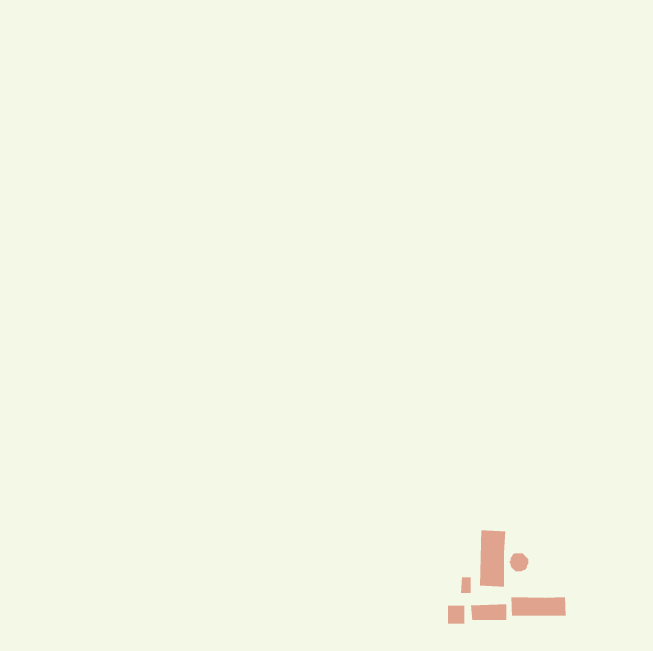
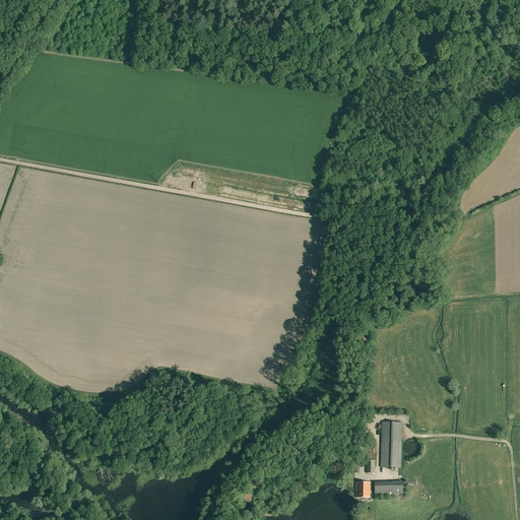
building: [511,597,566,616] -> none

